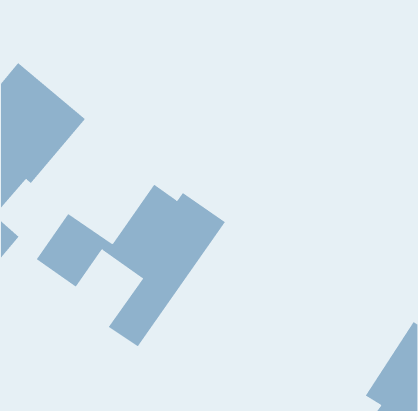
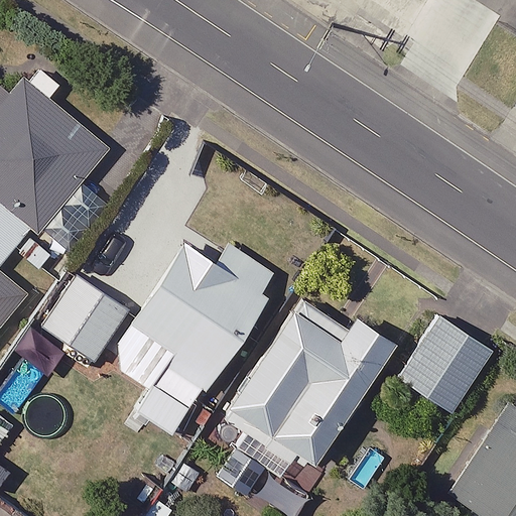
building: none -> [223,301,394,478]
building: none -> [399,317,491,412]

